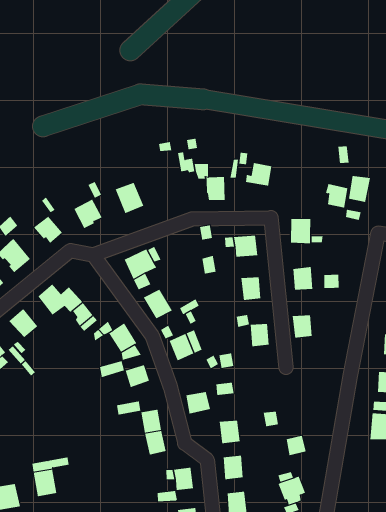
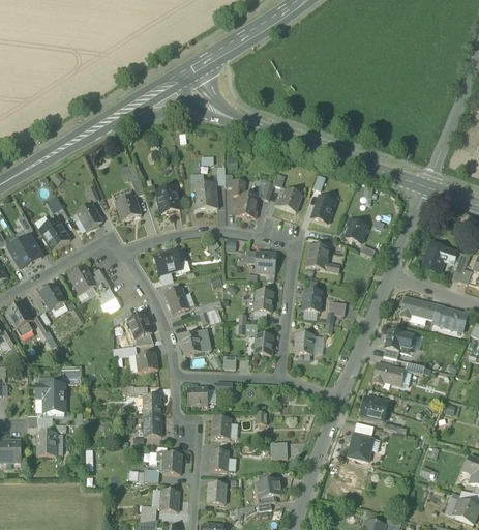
building: none -> [193,182,217,210]
building: [348,175,371,203] -> [311,196,335,223]
building: none -> [35,383,65,412]

